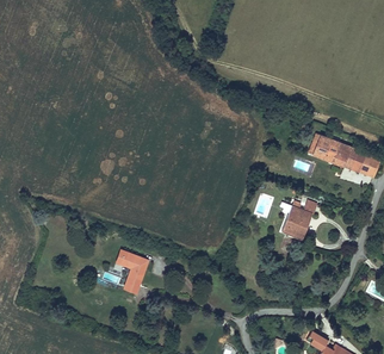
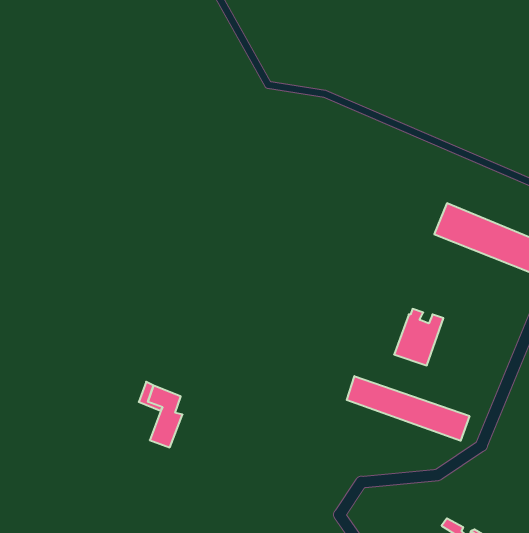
building: none -> [347,376,469,441]

